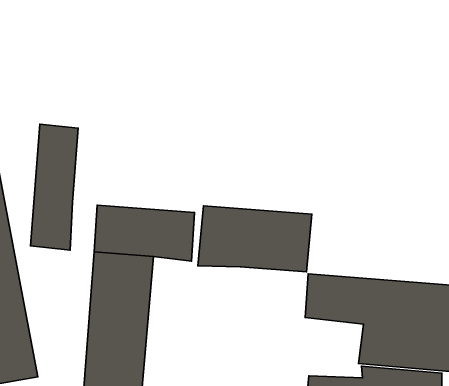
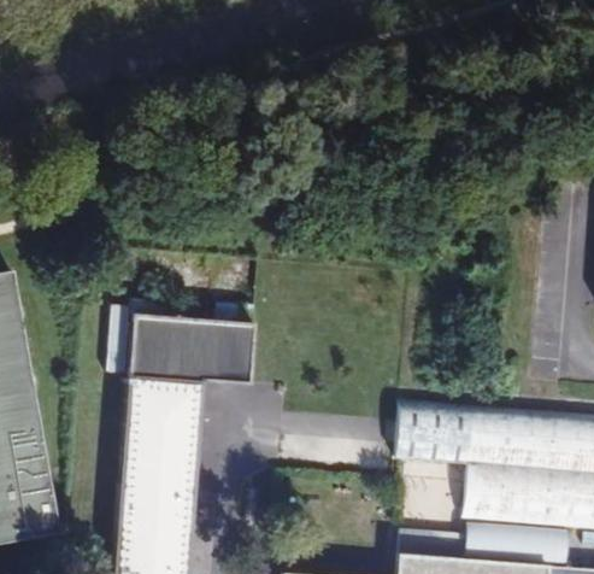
building: [30,124,78,250] -> none
building: [198,206,312,272] -> none

